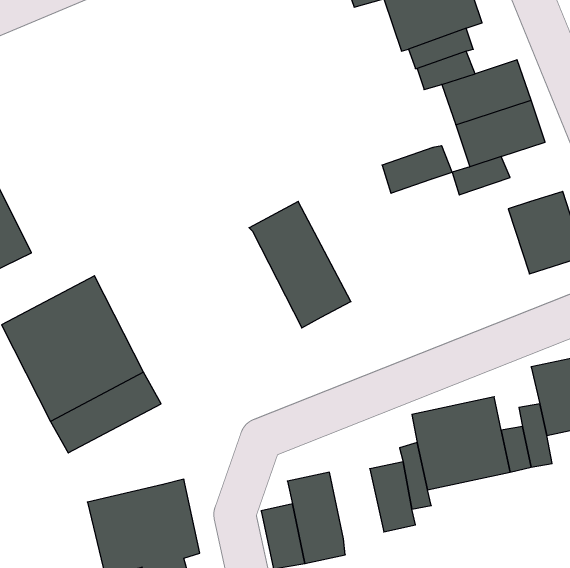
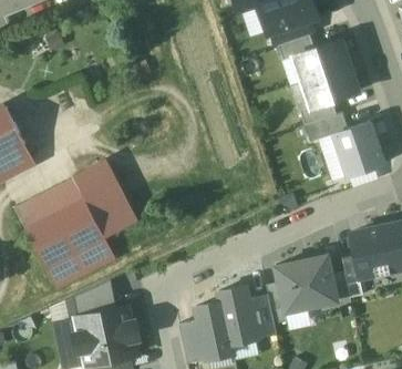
building: [382,146,452,193] -> [305,113,349,143]
building: [249,201,351,328] -> [72,157,136,237]
building: none -> [74,279,117,317]
building: none -> [220,285,257,342]

